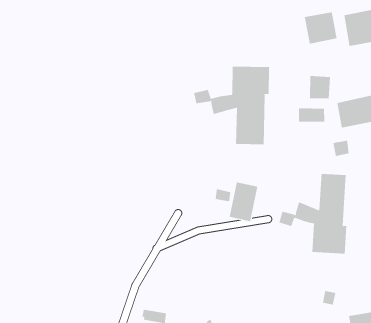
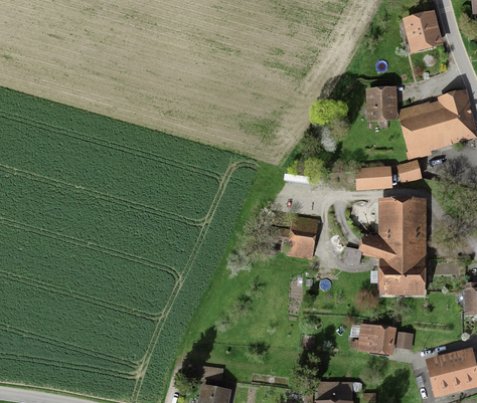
building: [304,12,337,45] -> none
building: [194,66,270,145] -> none
building: [298,108,325,122] -> [358,169,389,186]
building: none -> [359,324,395,354]

